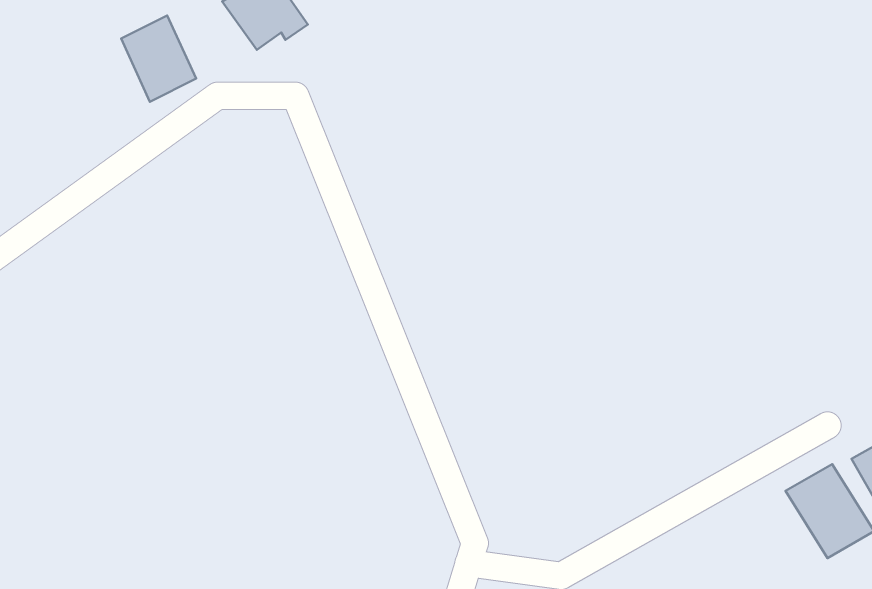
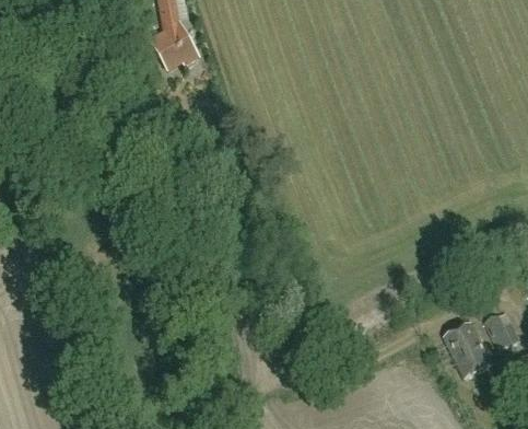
building: [121,16,196,102] -> none

